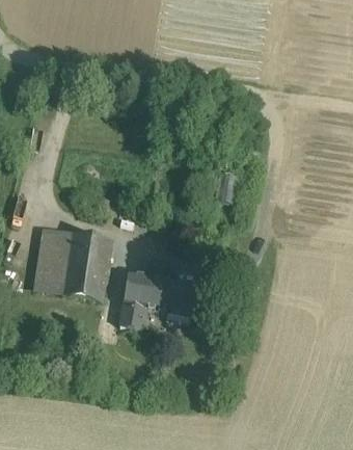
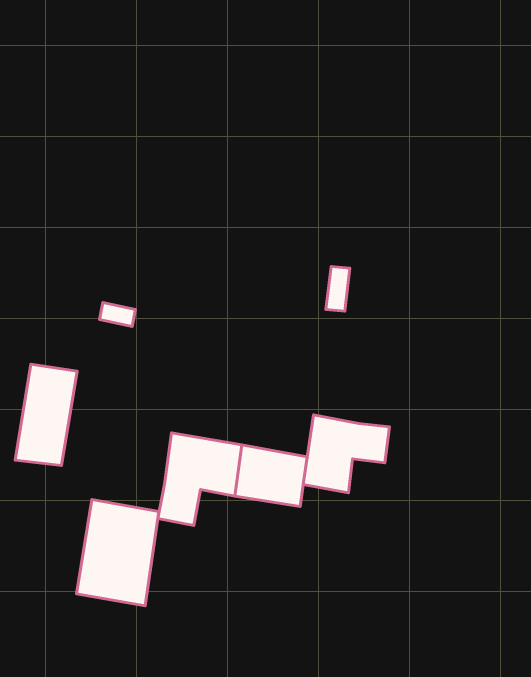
building: [61,234,111,298] -> [76,499,159,606]
building: none -> [303,415,390,493]

